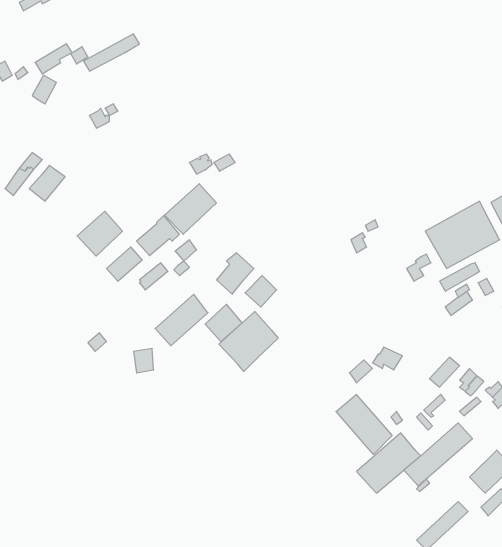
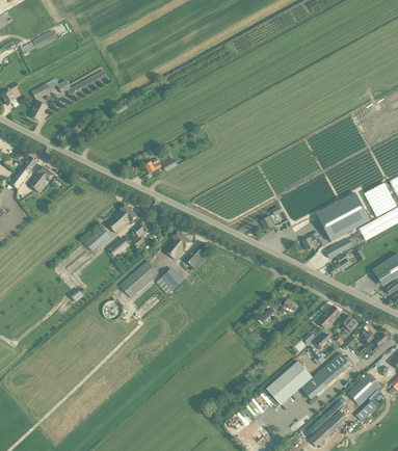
building: [164,184,216,234] -> none
building: [77,211,122,256] -> none
building: [219,311,278,371] -> none
building: [336,394,392,454] -> none

